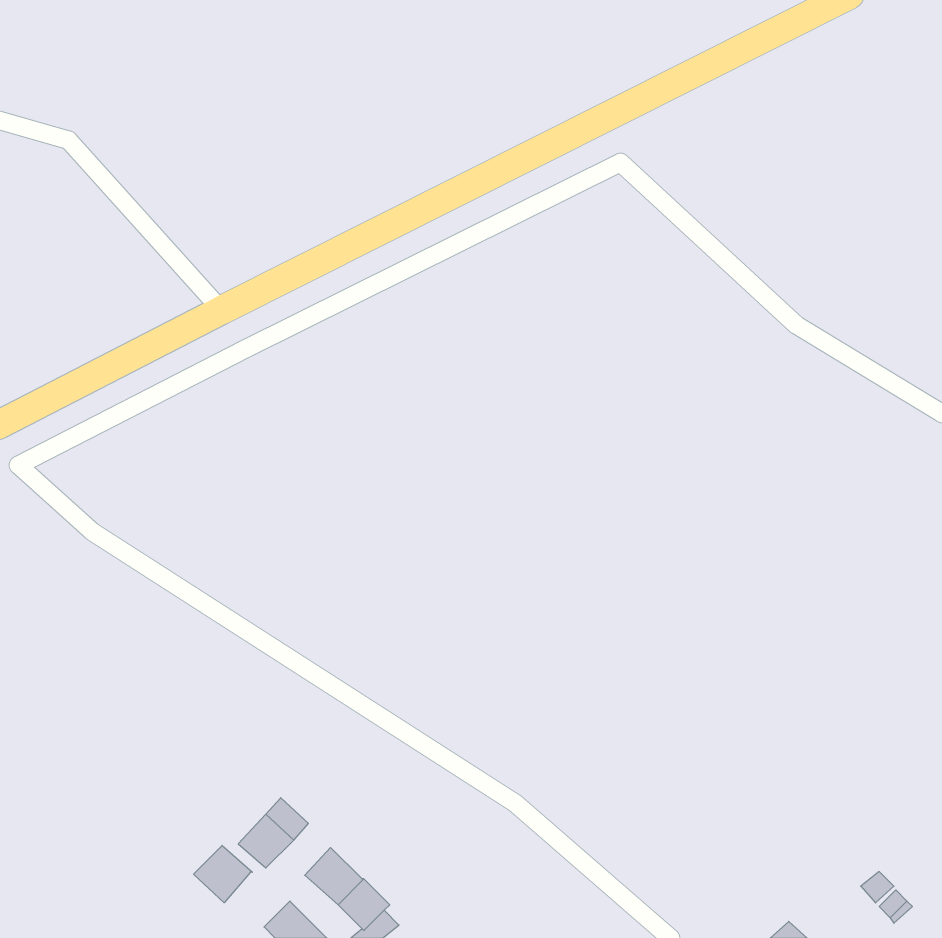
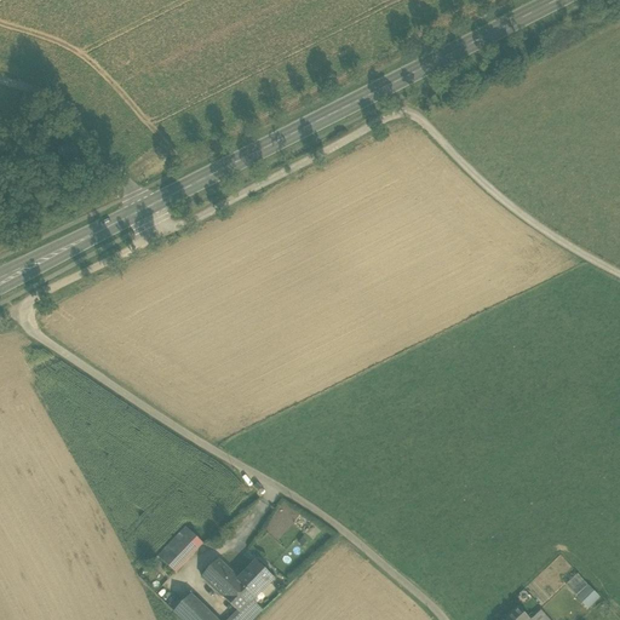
building: [194,845,252,903] -> none
building: none -> [237,558,272,593]

